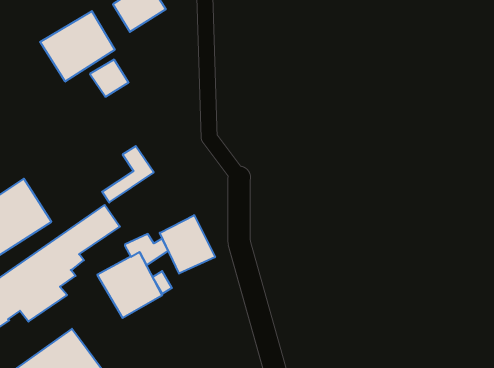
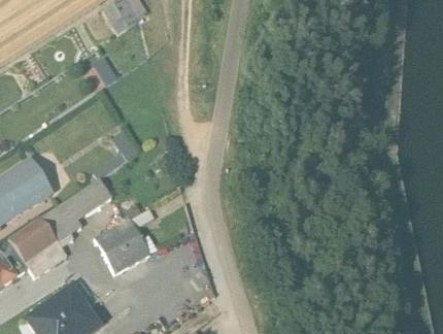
building: [40,11,115,82] -> none
building: [160,215,215,274] -> none

